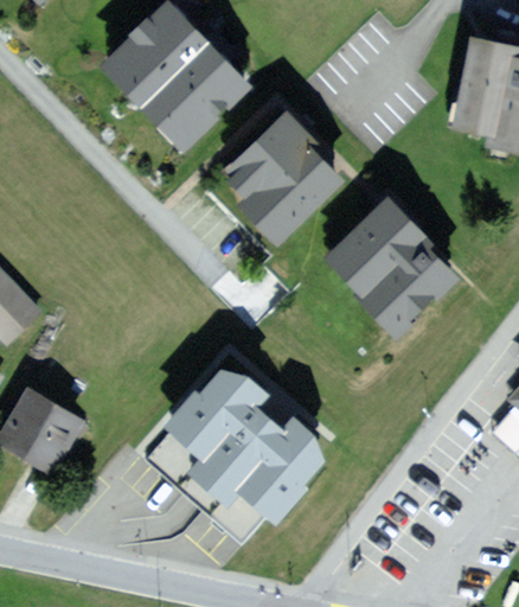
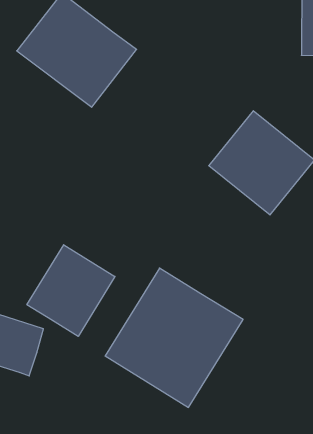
building: [212,114,344,244] -> none
building: none -> [27,245,115,336]

